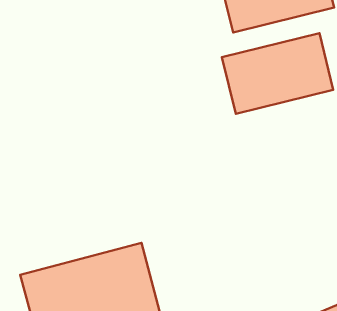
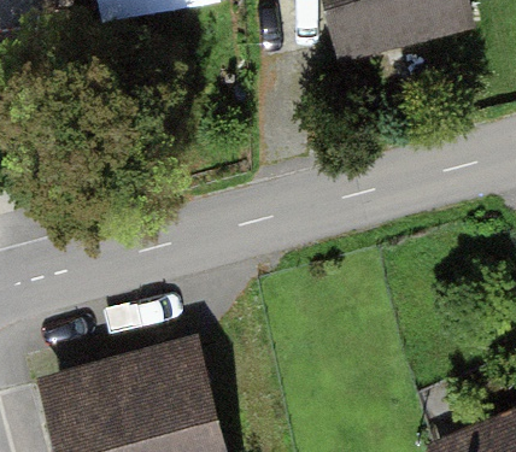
building: [222,33,333,114] -> none

